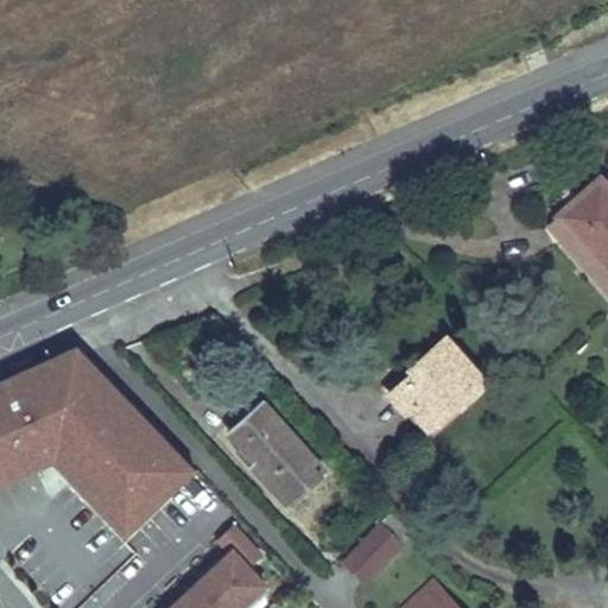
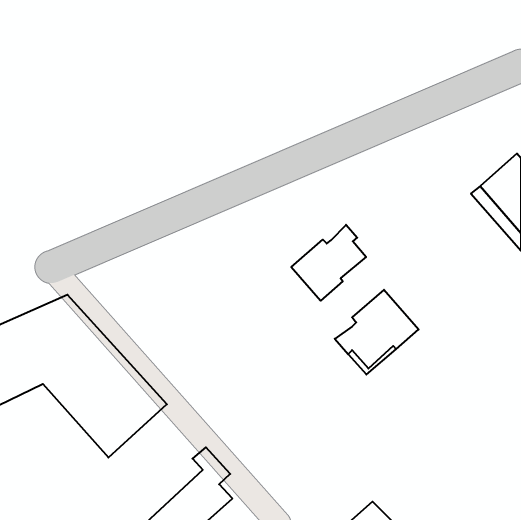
building: none -> [291,225,366,301]
building: [227,403,323,505] -> none
building: [346,512,406,583] -> none

